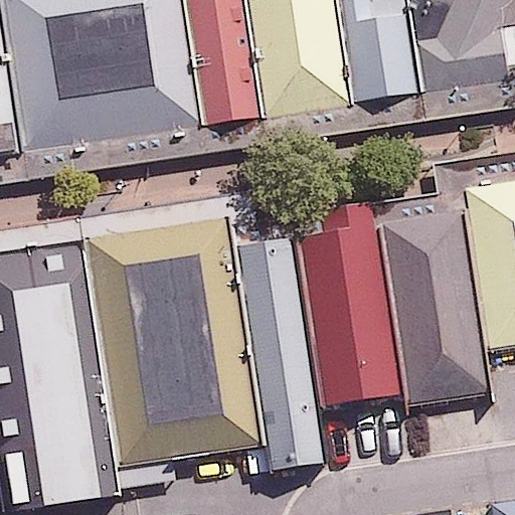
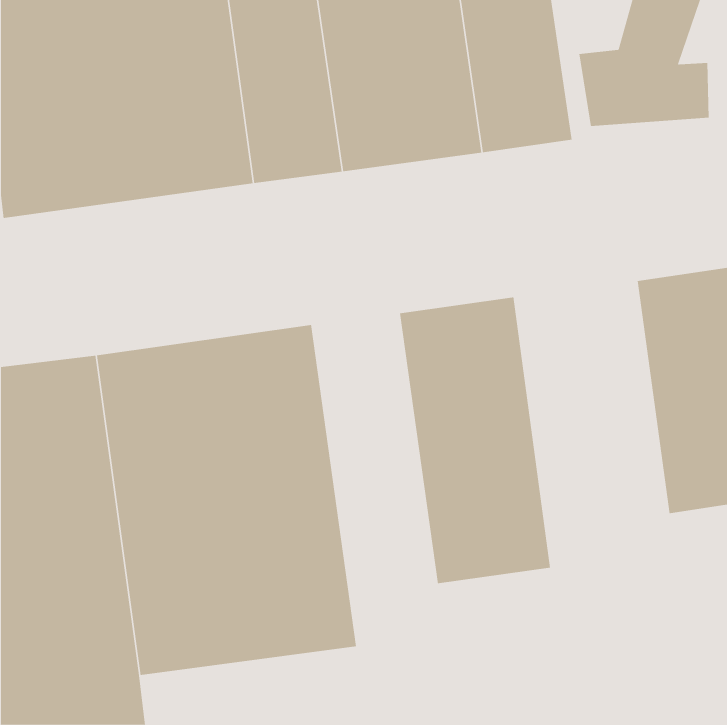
building: [367,194,479,403] -> none
building: [227,216,321,463] -> none

